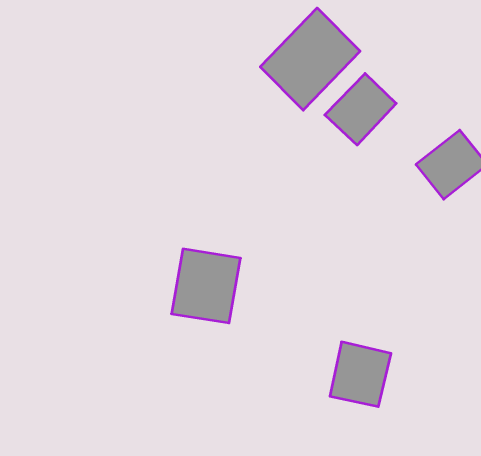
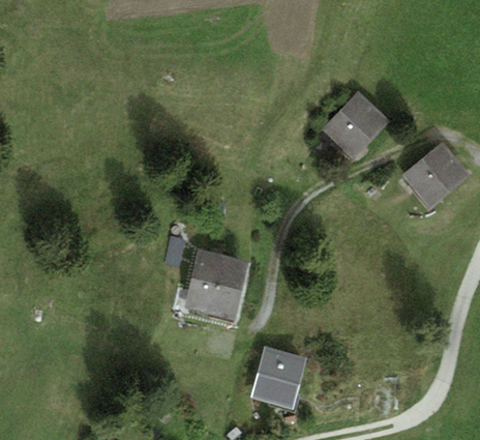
building: [260,8,360,110] -> none
building: [330,342,391,407] -> [250,350,305,408]

